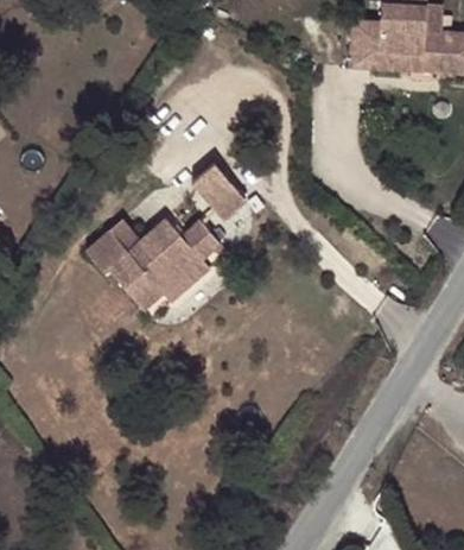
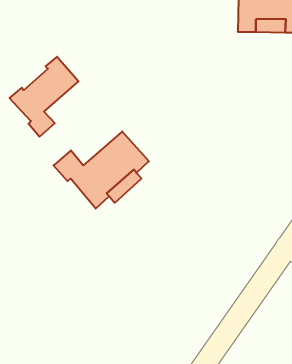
building: none -> [10,57,78,137]
building: [192,166,247,225] -> none

